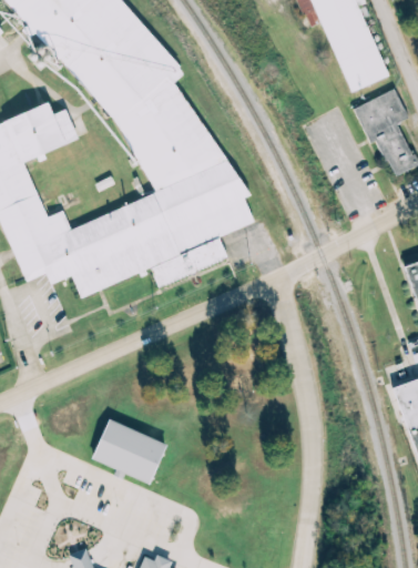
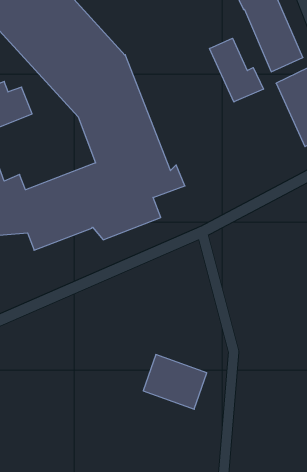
building: none -> [210,38,263,102]
building: [104,419,177,483] -> [143,355,207,409]

